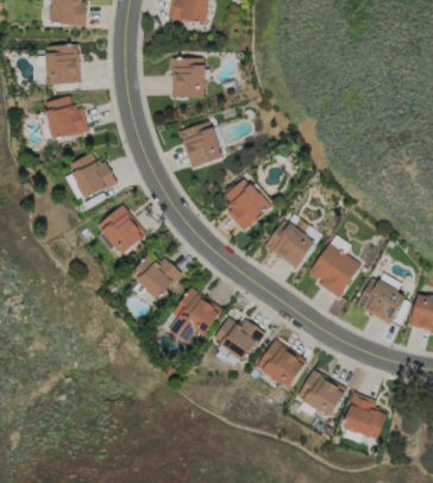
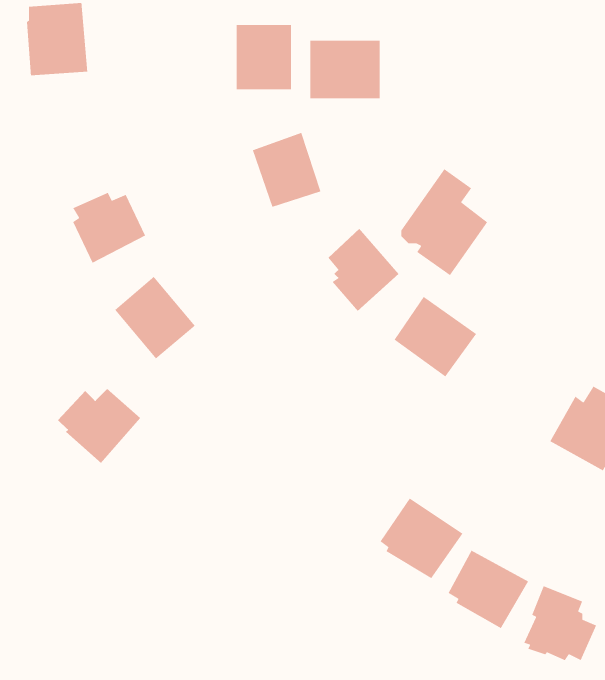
building: none -> [309,40,380,99]
building: [37,98,88,142] -> none
building: [309,233,362,297] -> [400,168,488,276]
building: [132,256,182,301] -> [57,388,141,464]
building: [162,289,221,346] -> none
building: [213,318,264,362] -> none

